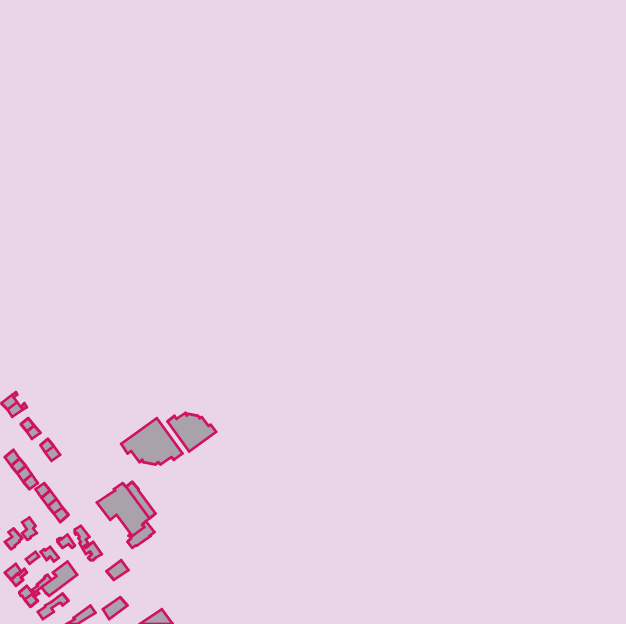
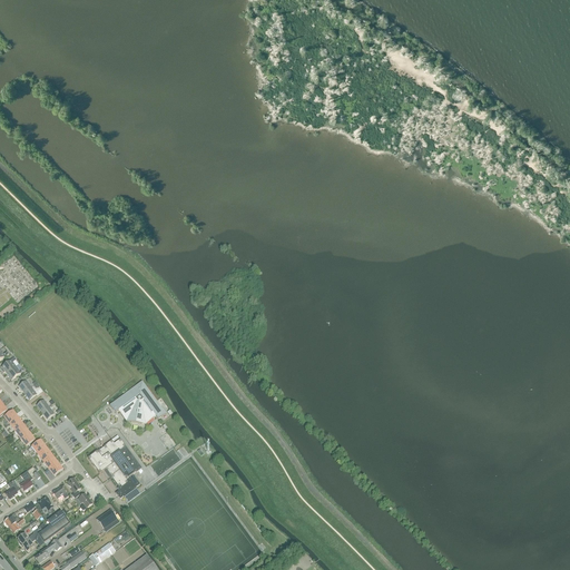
building: [168,413,216,451] -> none

